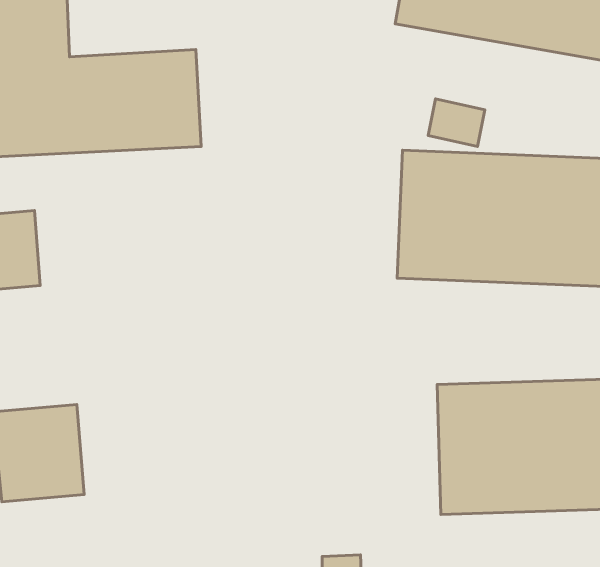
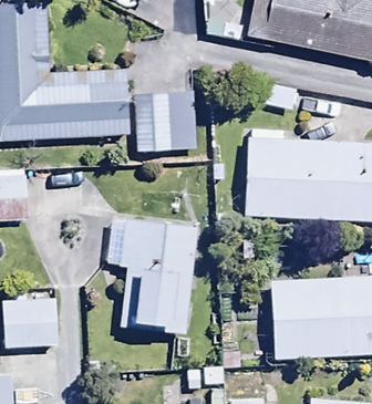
building: none -> [135,82,197,144]
building: none -> [107,229,198,346]

